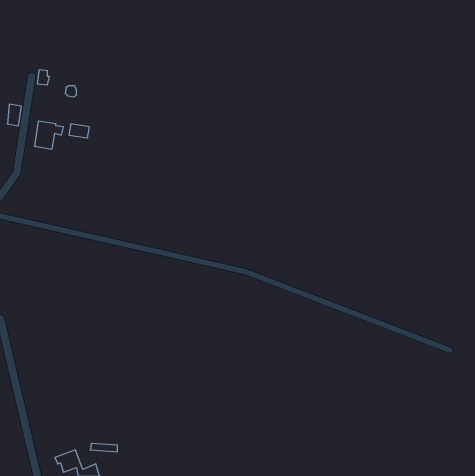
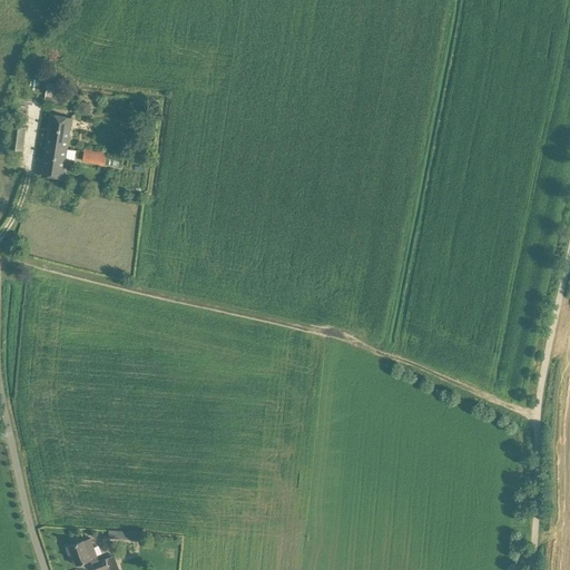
building: none -> [47,114,73,148]

